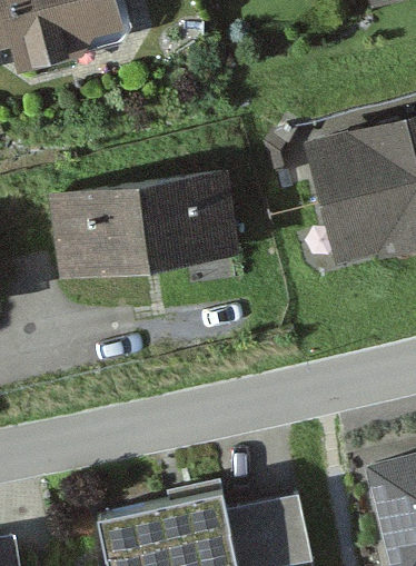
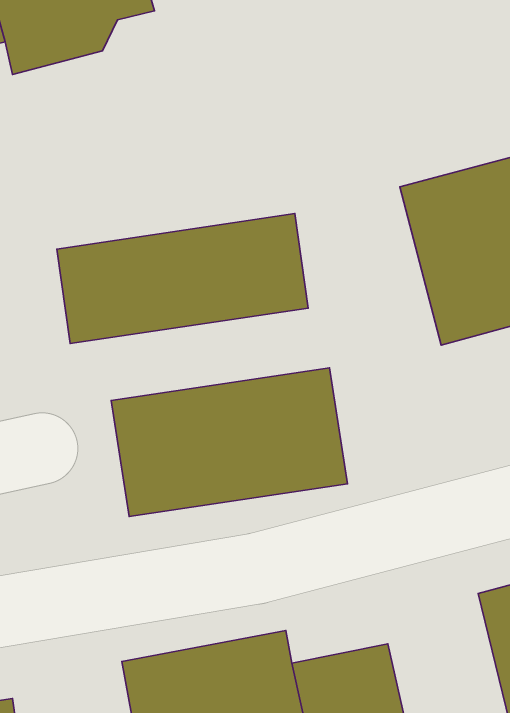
building: none -> [111,368,348,516]

